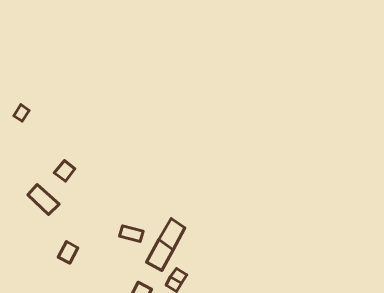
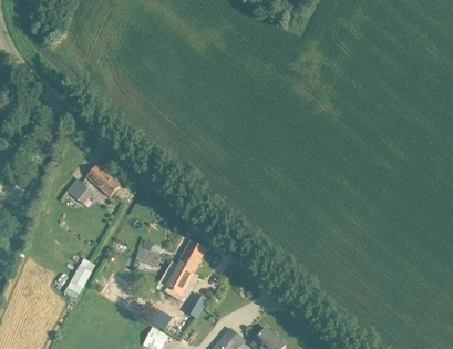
building: [28,185,59,215] -> [87,165,121,197]

